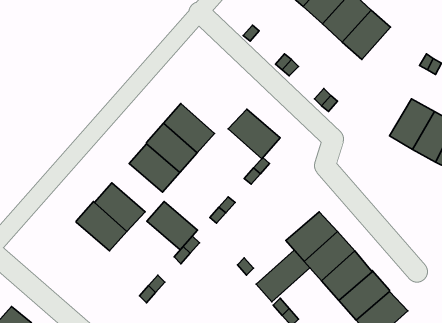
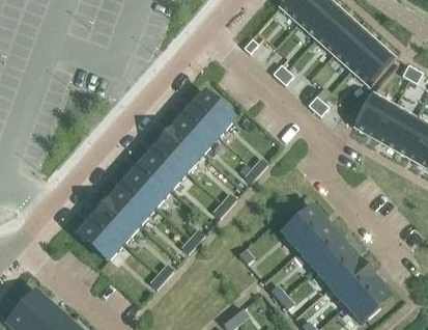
building: none -> [350,39,395,85]
building: none -> [353,91,395,137]
building: [228,109,280,159] -> [188,90,234,135]
building: [147,201,197,250] -> [125,162,171,205]
building: none -> [78,215,123,259]
building: [256,250,310,302] -> none

